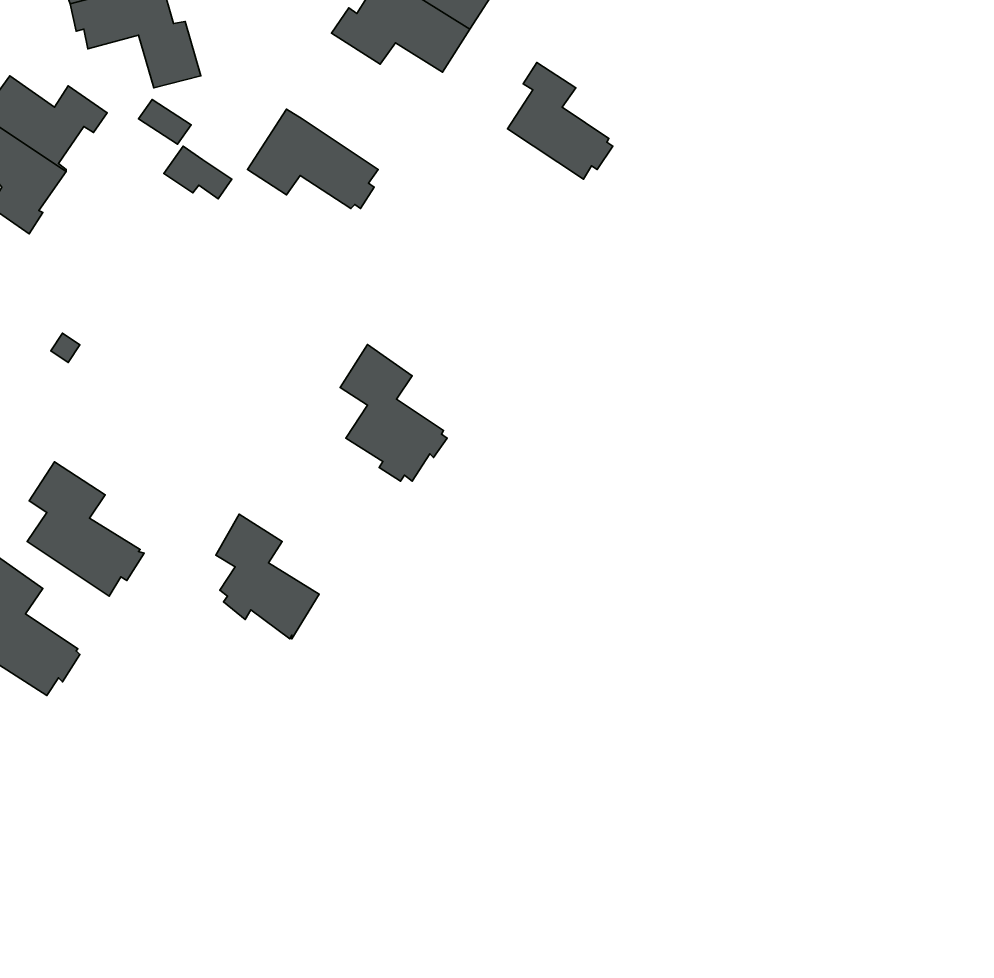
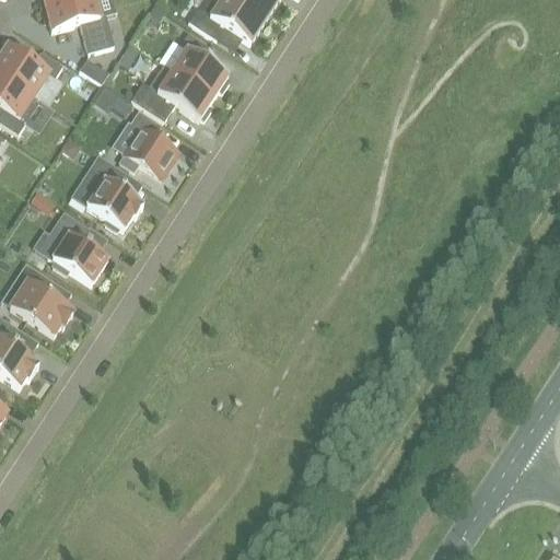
building: [508,62,613,179] -> [170,30,229,95]
building: none -> [122,108,176,175]
building: [340,345,447,481] -> [81,151,141,228]
building: [216,514,319,639] -> [51,209,109,279]

